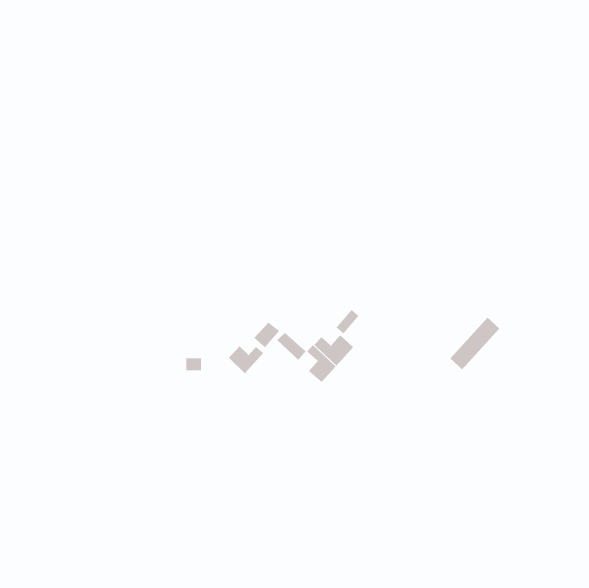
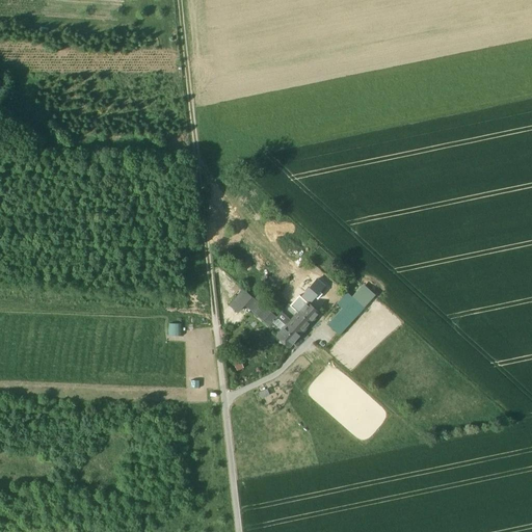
building: [449,317,500,370] -> [327,286,373,334]
building: [228,345,264,374] -> none

